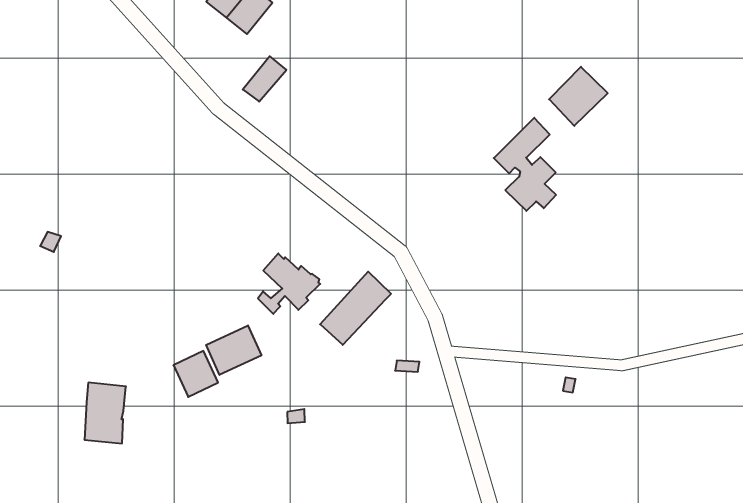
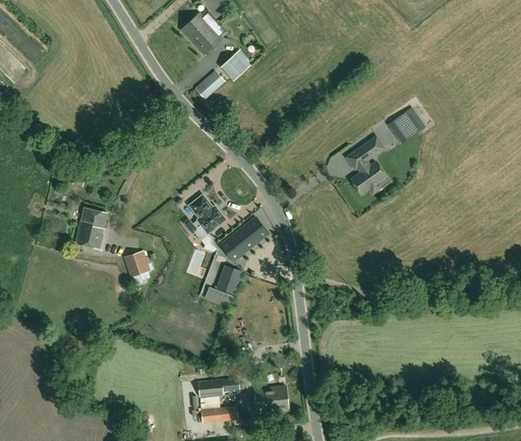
building: none -> [220,49,253,80]
building: [206,325,261,375] -> none
building: none -> [217,265,240,293]
building: [84,383,126,443] -> [75,207,107,249]

